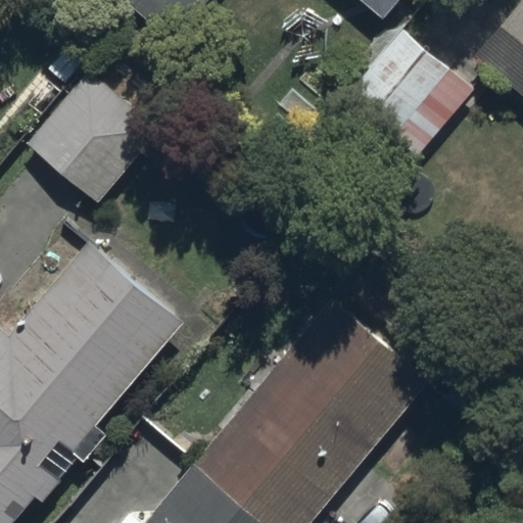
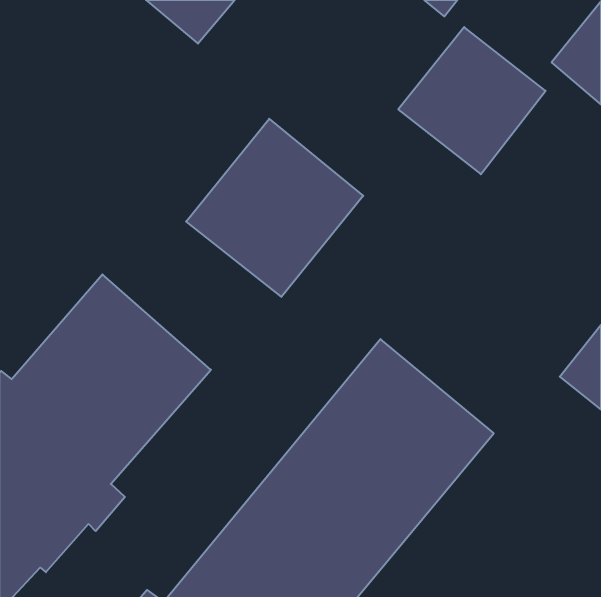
building: [26,70,158,203] -> none
building: none -> [186,119,363,297]

